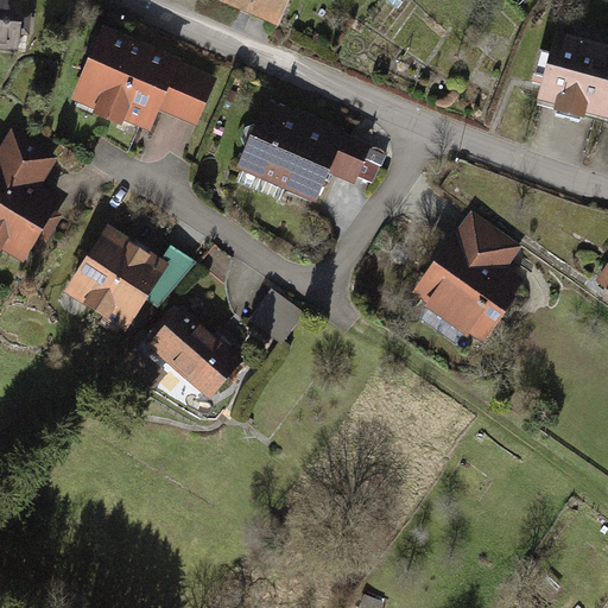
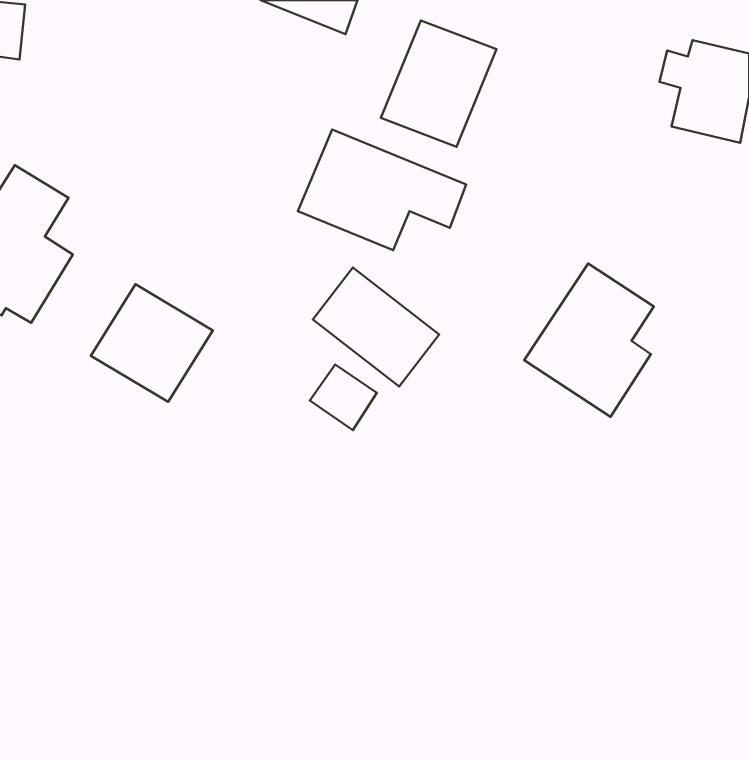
building: none -> [381,20,497,147]
building: [69,28,204,129] -> none
building: [147,306,248,401] -> [313,267,439,386]

